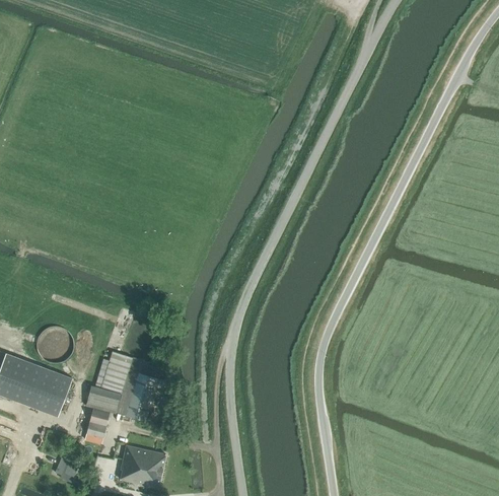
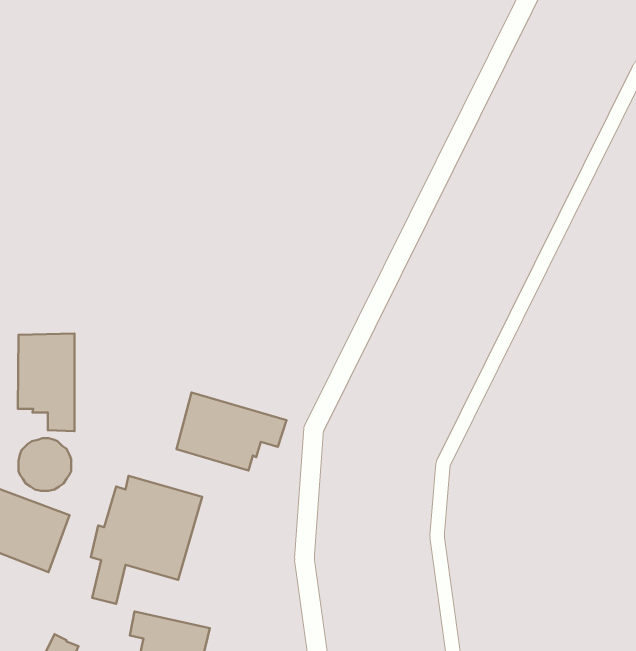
building: none -> [18,333,75,431]
building: none -> [177,393,287,471]

